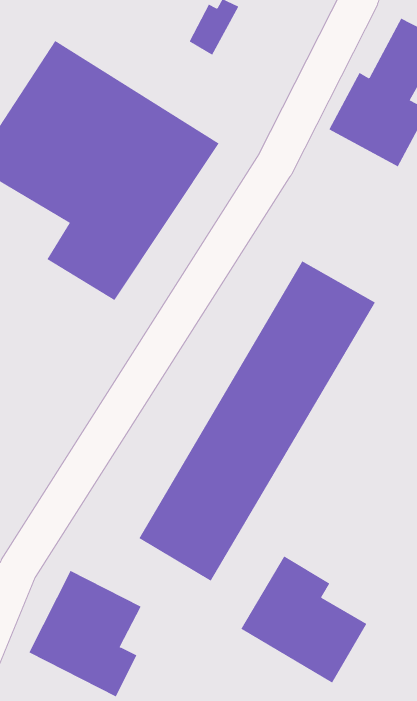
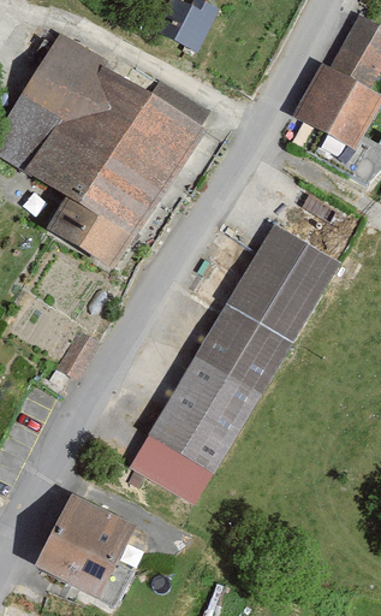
building: [240,556,367,683] -> none

